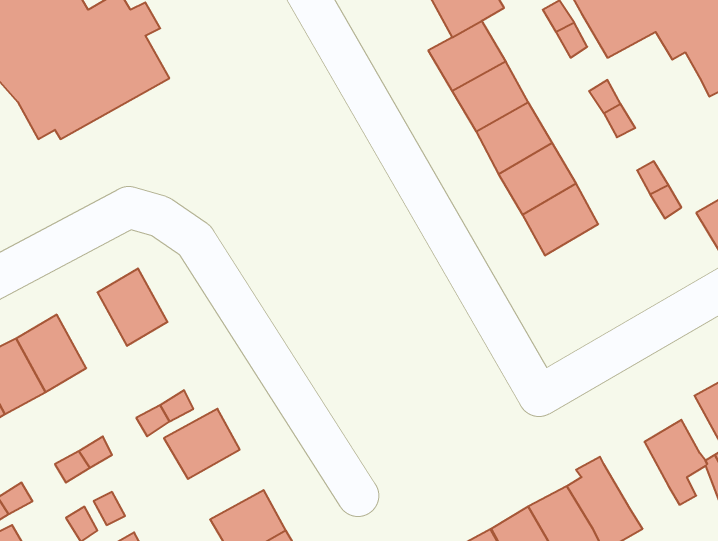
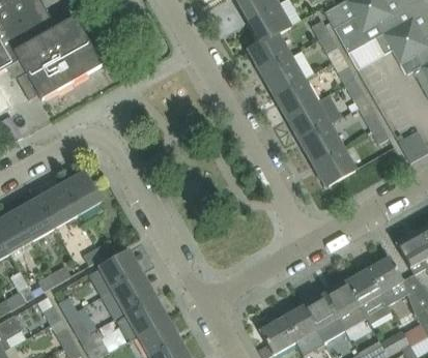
building: none -> [312,147,355,187]
building: none -> [38,185,78,228]
building: none -> [345,269,381,306]
building: none -> [112,273,154,312]

